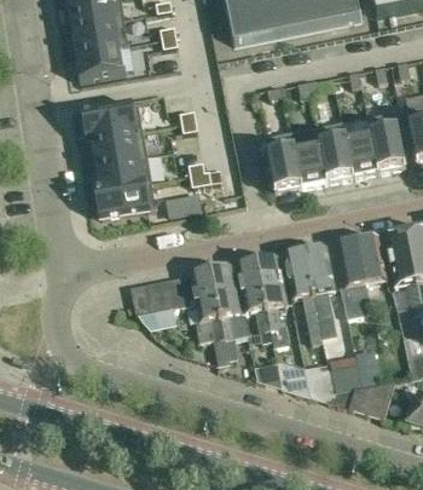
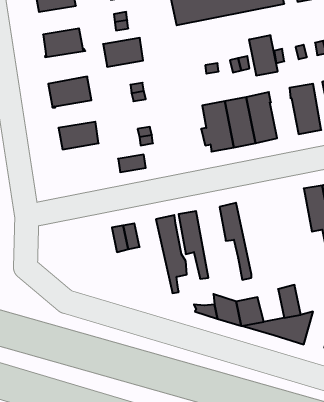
building: [73,18,120,52] -> [103,38,143,67]
building: [344,127,378,174] -> [249,35,278,75]
building: [91,129,139,162] -> none
building: [97,180,147,215] -> none
building: [336,235,387,317] -> none
building: [305,247,334,335] -> none
building: [257,256,289,346] -> none
building: [190,270,230,364] -> none
building: [131,279,164,313] -> none
building: [329,352,361,391] -> none

